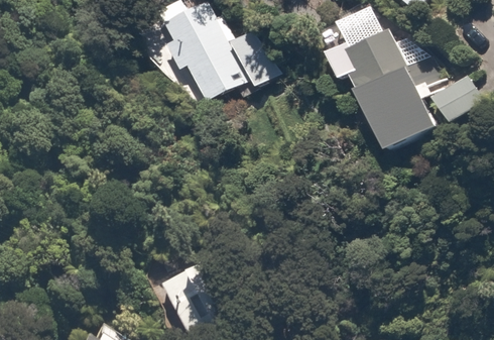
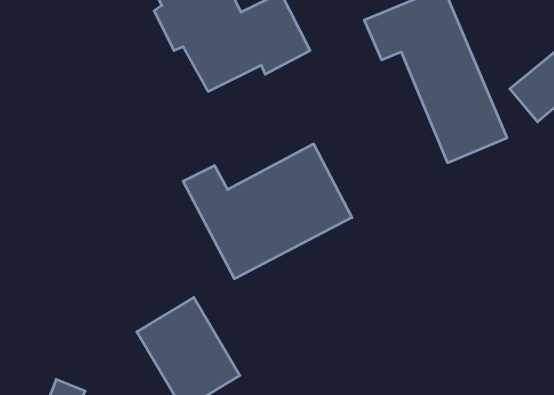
building: none -> [183,144,352,279]

